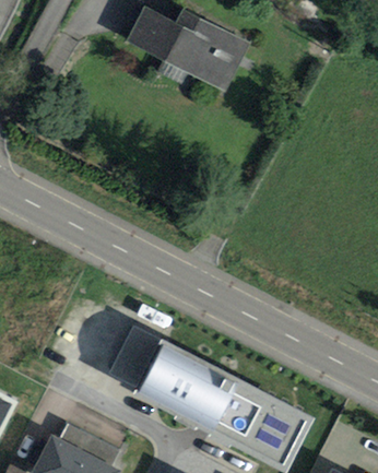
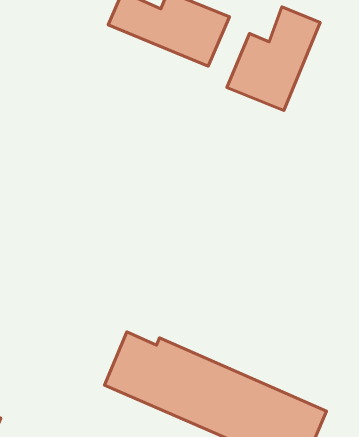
building: none -> [227,7,320,110]

